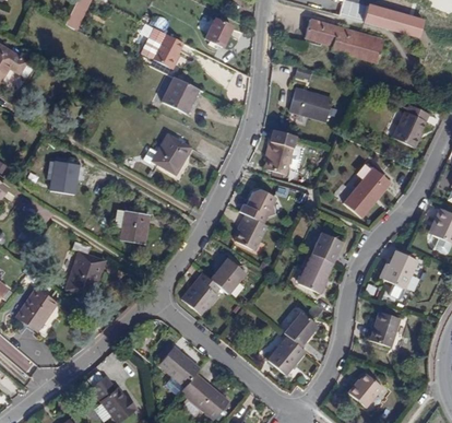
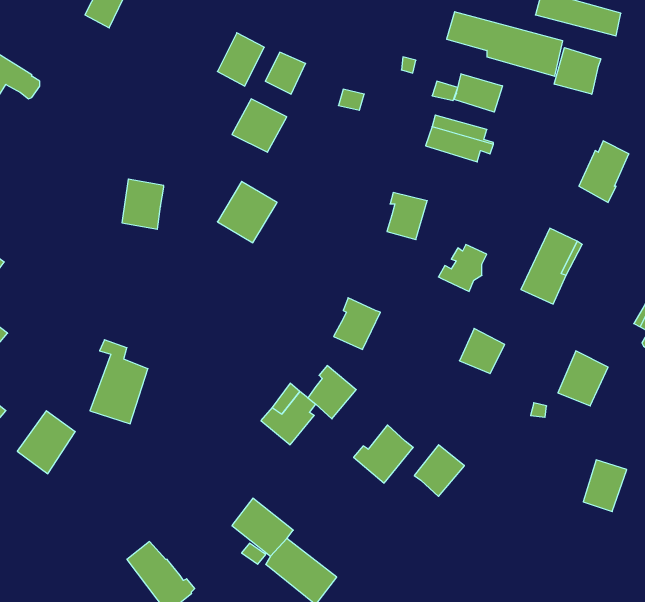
building: [204,19,231,47] -> [265,52,306,94]
building: none -> [554,48,601,94]
building: none -> [454,74,502,112]
building: [49,161,78,195] -> [122,179,164,229]
building: [237,189,270,221] -> [438,245,487,291]
building: [119,210,147,244] -> none
building: [300,255,335,294] -> none
building: [367,312,396,346] -> [583,460,627,512]
building: [265,336,306,375] -> [354,425,413,483]
building: [352,376,384,408] -> none

